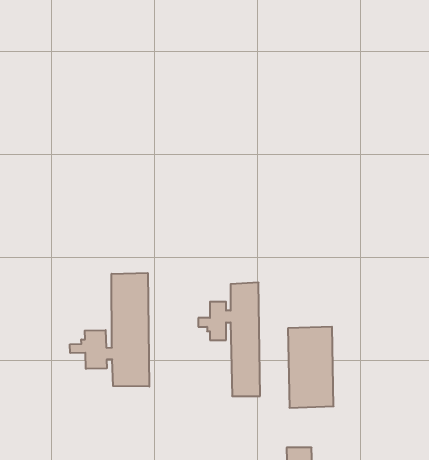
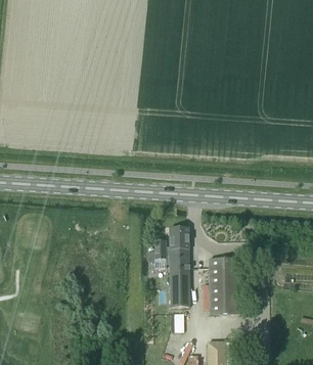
building: [70,273,149,387] -> none

